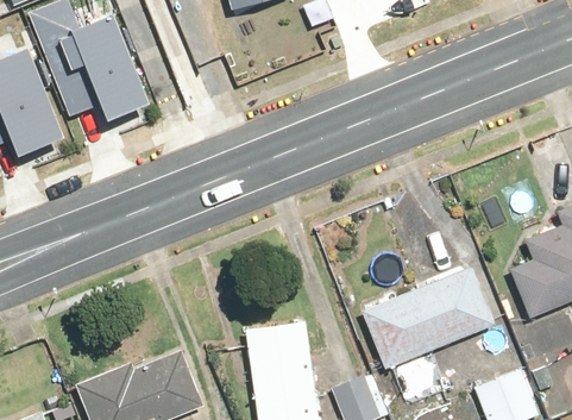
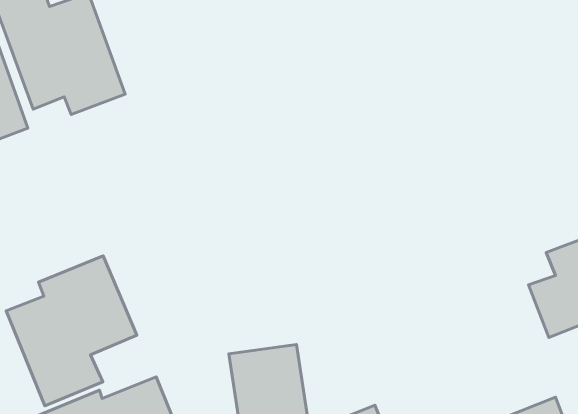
building: none -> [6,256,137,406]
building: [358,269,491,370] -> none

